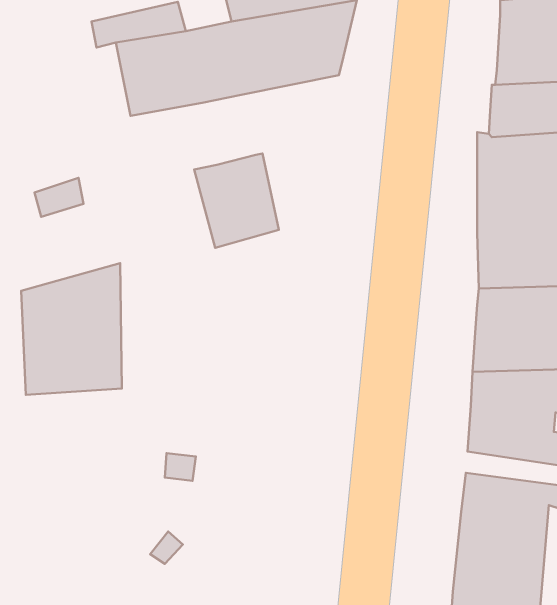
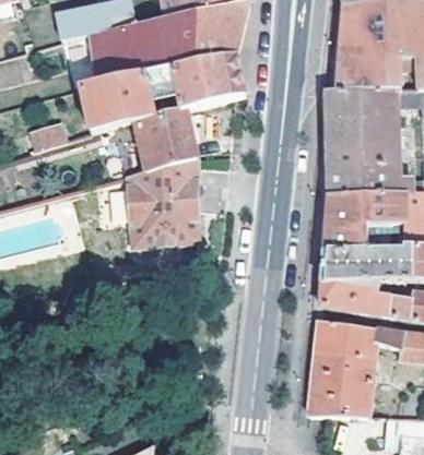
building: none -> [169,53,244,107]
building: none -> [78,72,153,128]
building: [21,263,122,395] -> [128,157,196,246]

